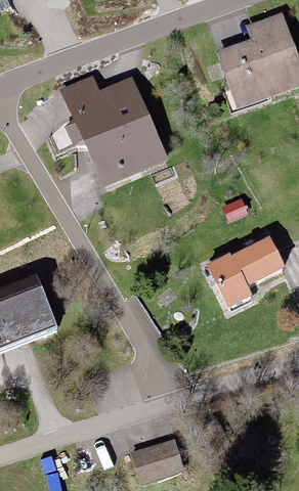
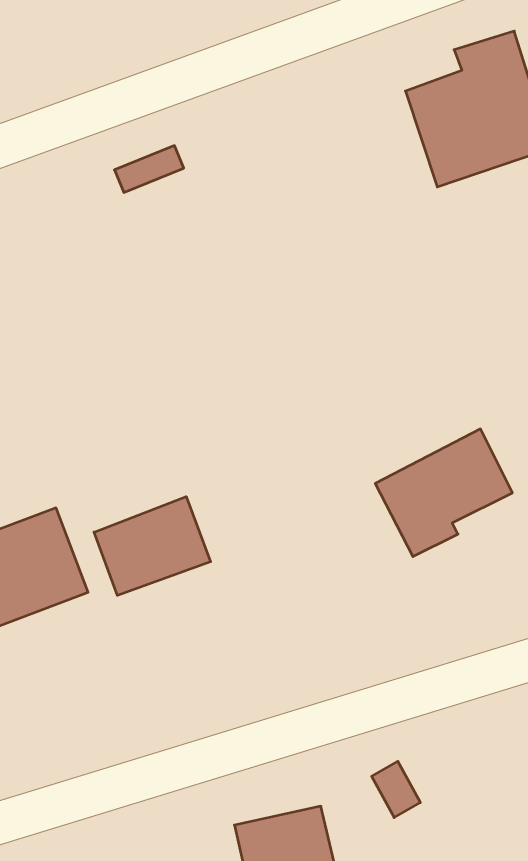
building: [70,86,161,183] -> none
building: none -> [94,497,211,595]

